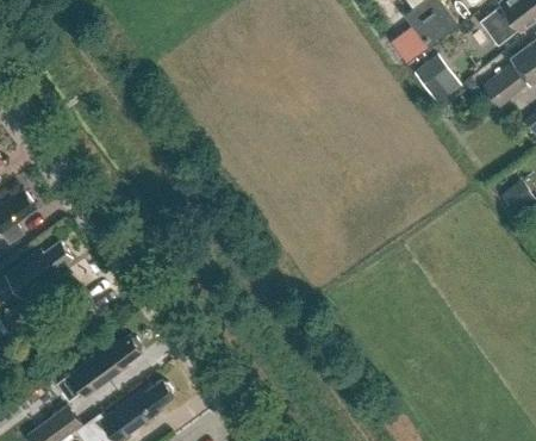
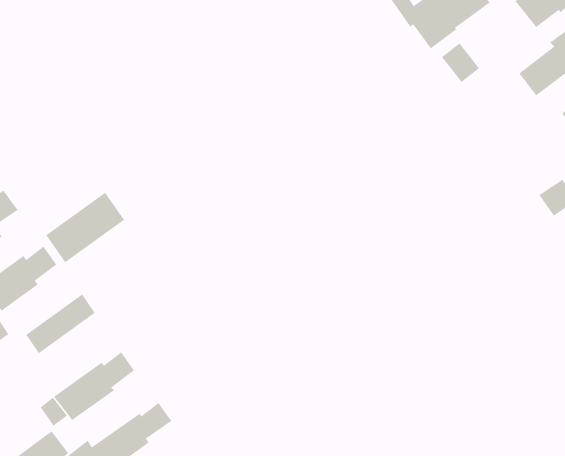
building: none -> [45,192,125,263]
building: none -> [25,294,96,354]

